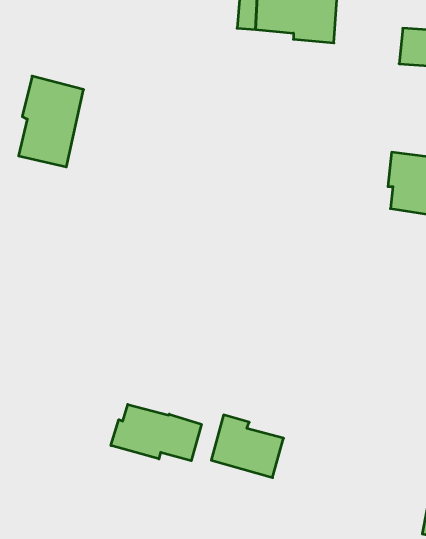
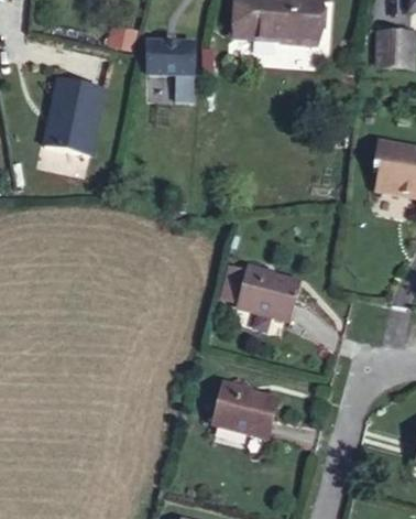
building: none -> [149,39,196,74]
building: none -> [225,261,289,317]
building: [111,404,201,461] -> none

